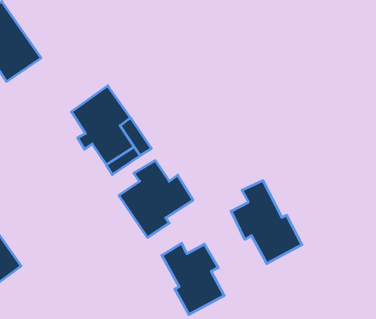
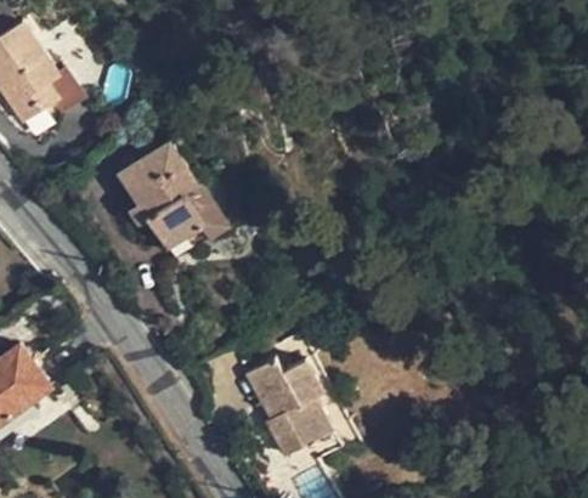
building: [119,161,193,237] -> none
building: [231,181,302,264] -> none

